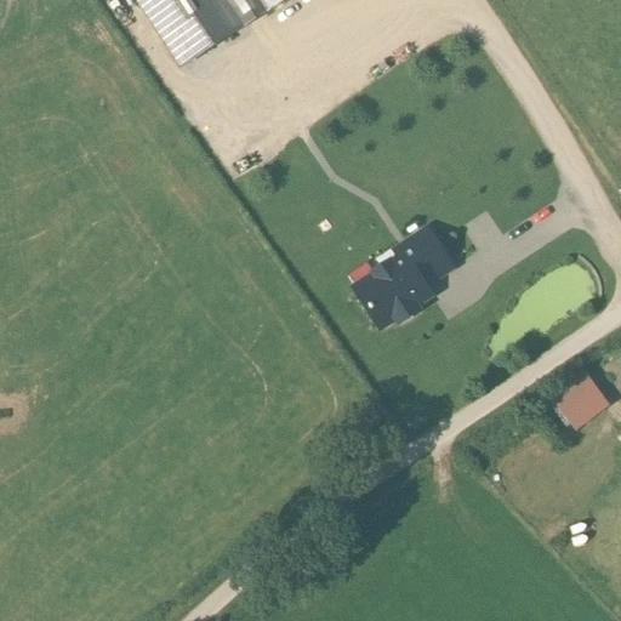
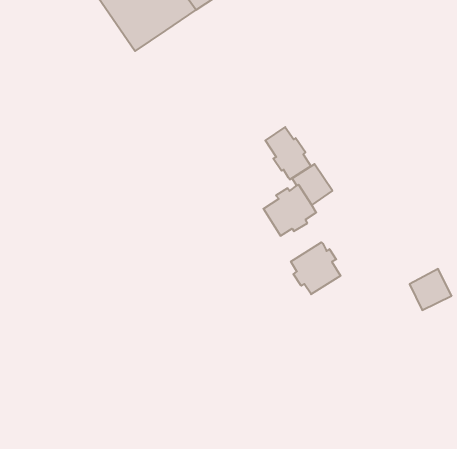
building: none -> [265,127,311,180]
building: none -> [291,242,341,294]

